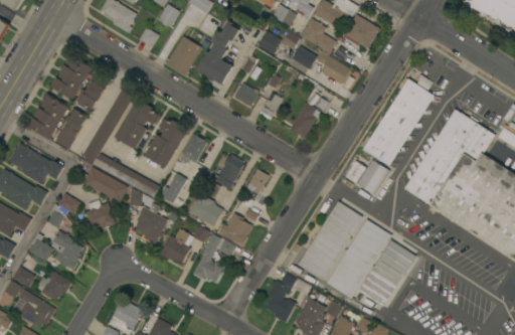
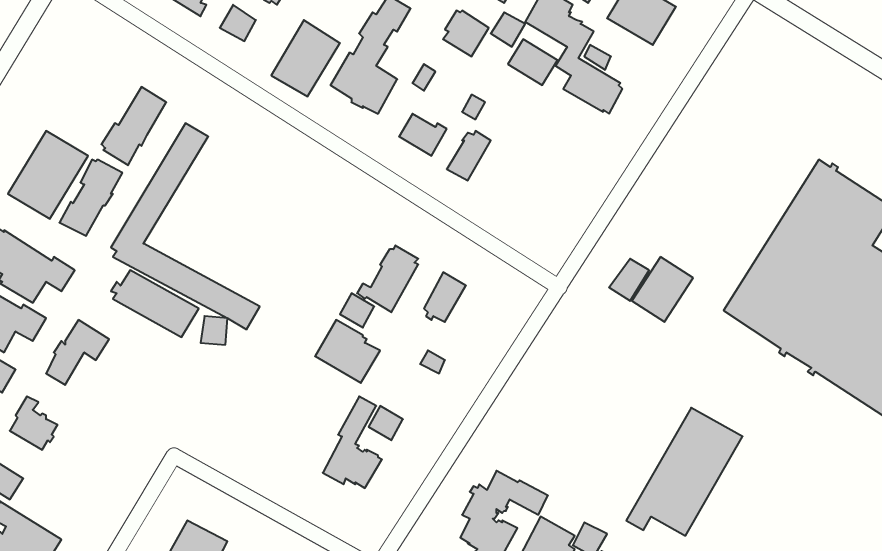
building: [50,53,93,100] -> none
building: [363,78,435,166] -> none
building: [115,99,158,149] -> none
building: [290,103,320,138] -> none
building: [145,119,188,168] -> none
building: [178,133,207,163] -> none
building: [159,173,186,203] -> none
building: [85,199,115,228] -> none
building: [297,200,361,280] -> none
building: [134,207,167,243] -> none
building: [218,212,252,245] -> none
building: [326,219,390,298] -> none
building: [159,225,211,264] -> none
building: [50,230,82,270] -> none
building: [37,271,71,301] -> none

